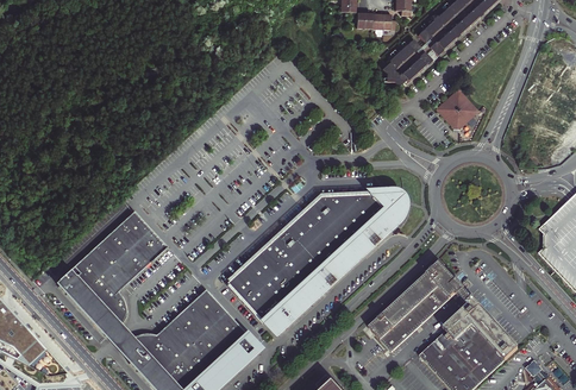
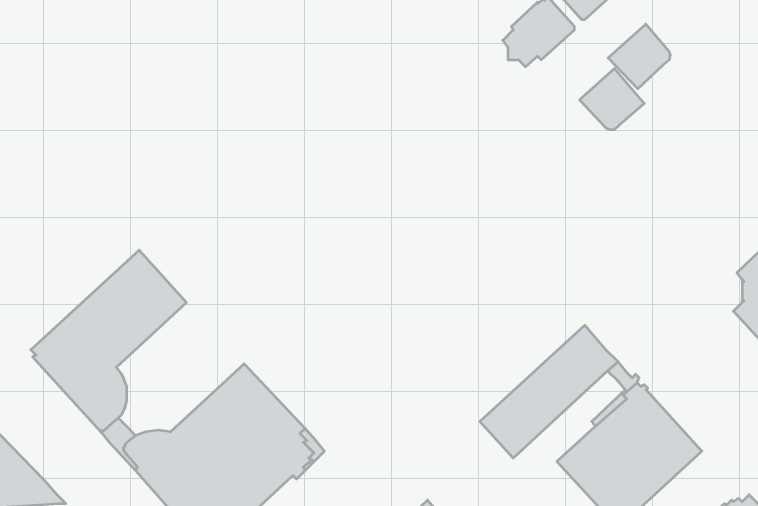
building: none -> [608,24,670,89]
building: [225,193,400,327] -> none

